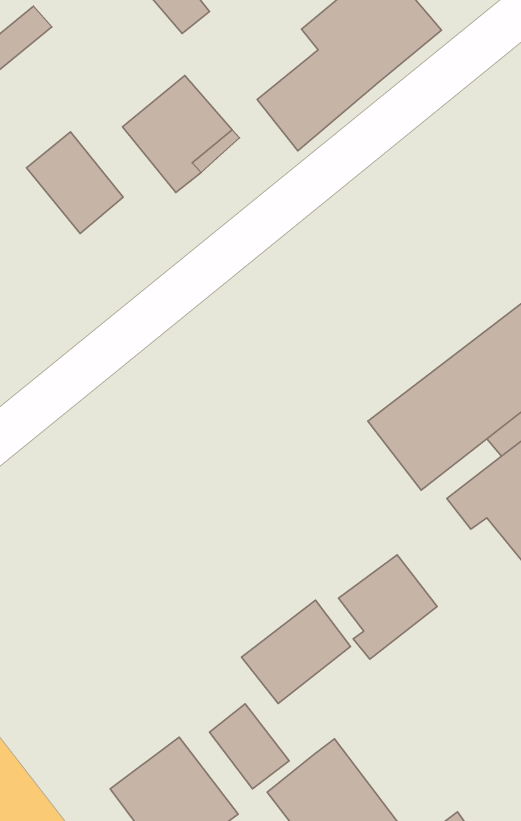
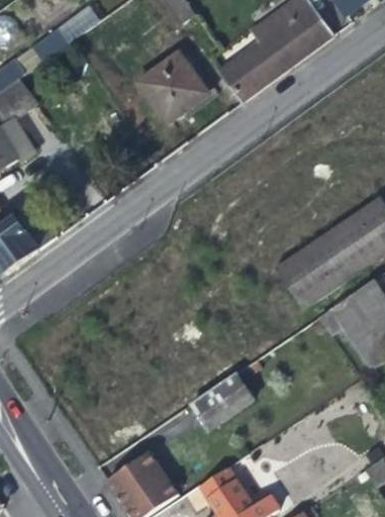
building: [26,132,123,233] -> none
building: [338,555,437,659] -> none
building: [210,704,289,789] -> none

